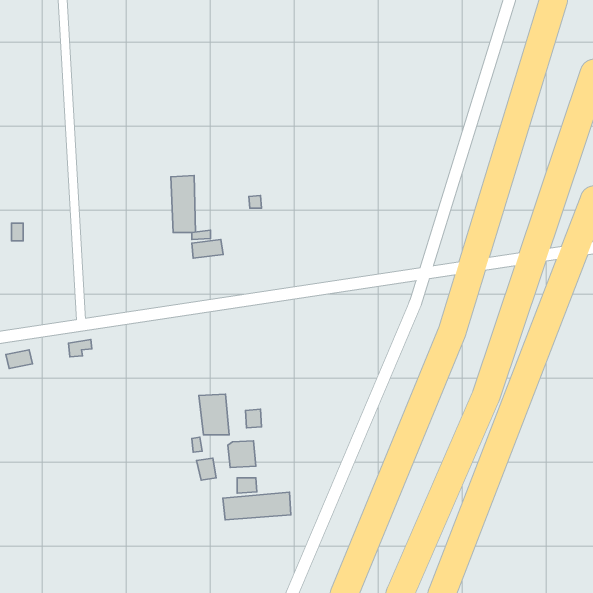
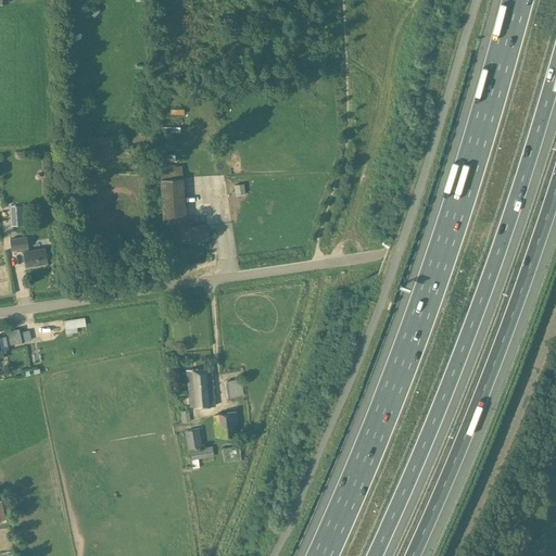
building: none -> [11,238,48,267]
building: [223,492,291,520] -> none

